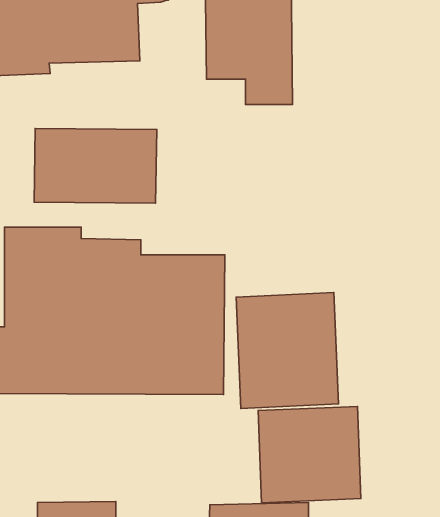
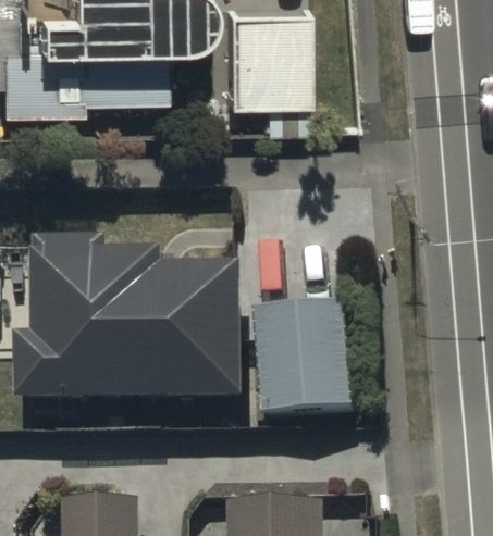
building: [34,129,157,203] -> none
building: [258,406,361,503] -> none

